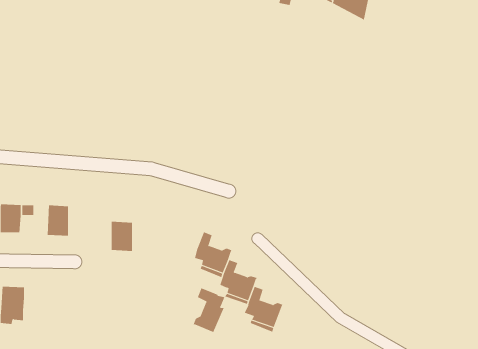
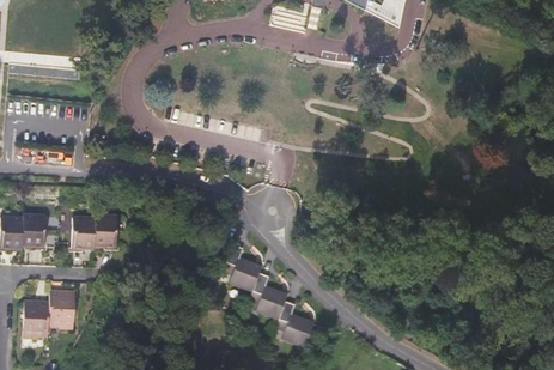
building: [111,221,133,251] -> [93,214,116,245]
building: none -> [47,290,74,328]
building: [193,287,225,333] -> none

